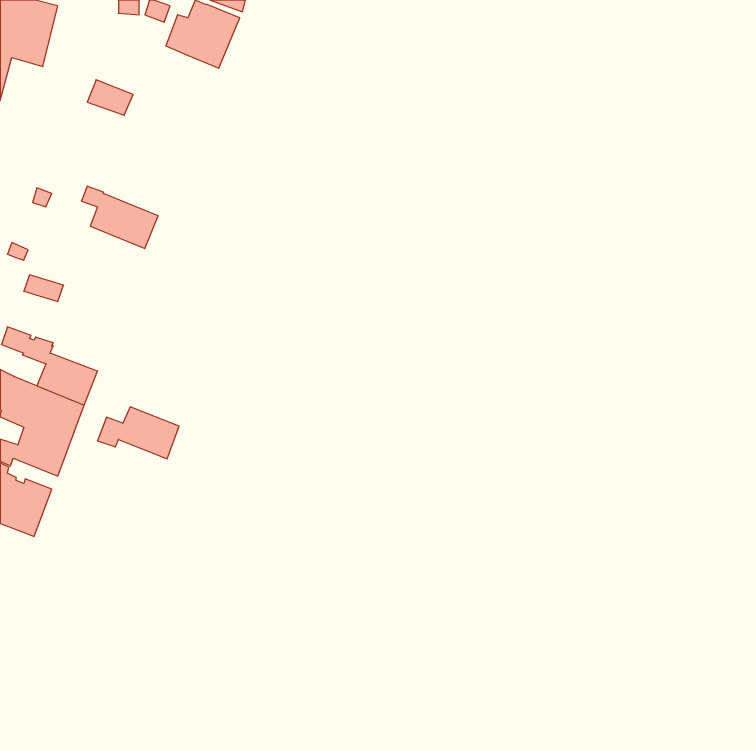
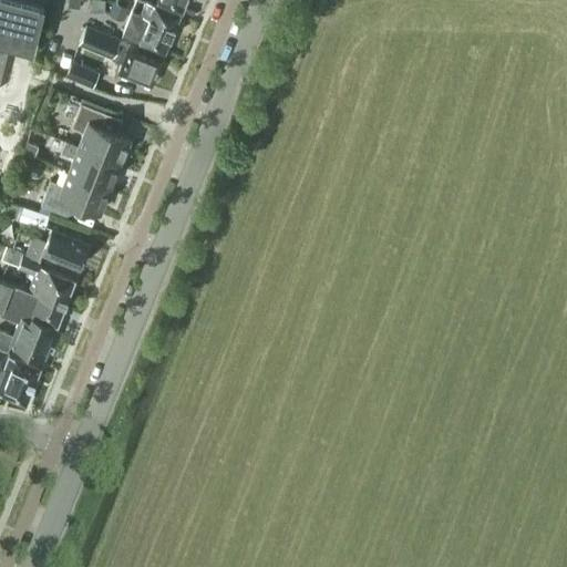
building: none -> [79,28,163,87]
building: none -> [71,105,128,165]
building: none -> [40,173,109,216]
building: [98,407,179,459] -> [27,230,87,269]

